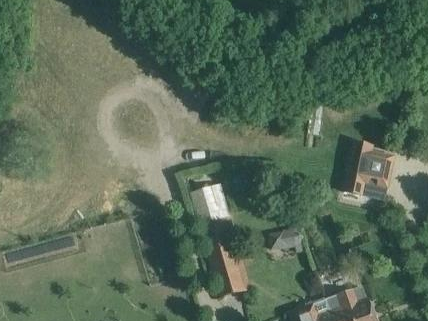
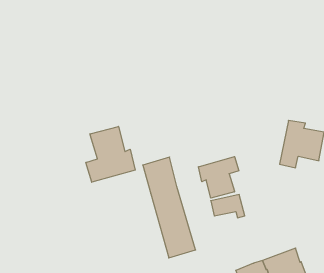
building: none -> [86,126,135,182]
building: none -> [198,157,239,198]

